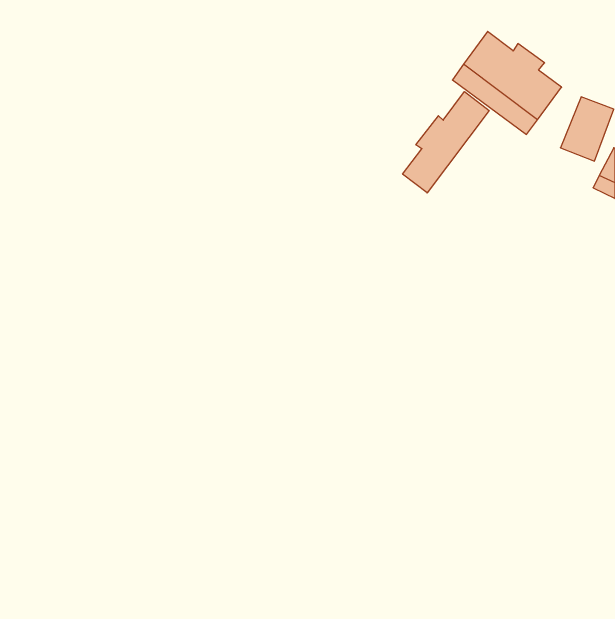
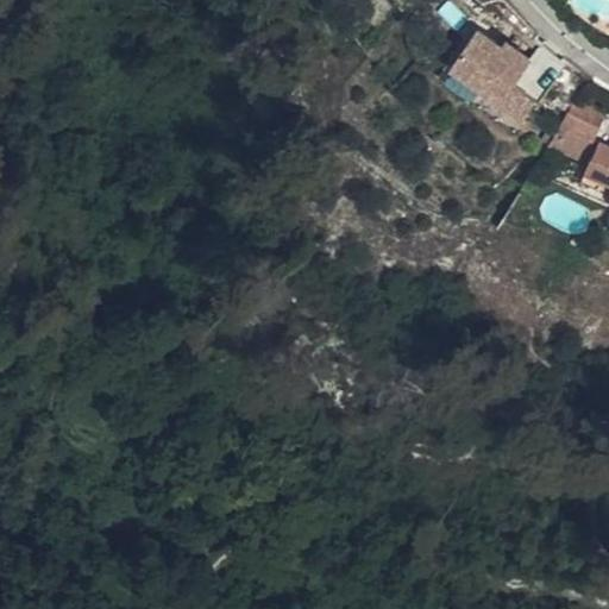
building: [403,92,489,193] -> none

